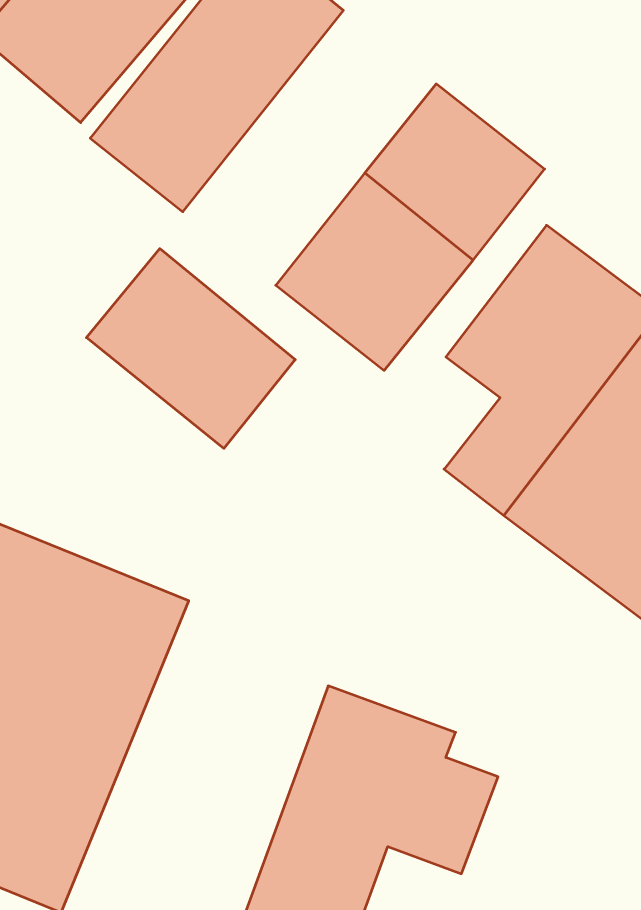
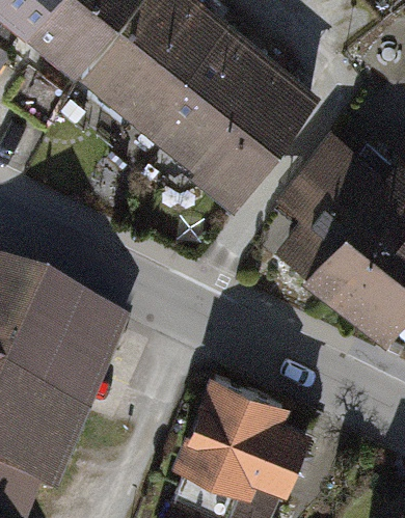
building: none -> [130,15,266,162]
building: [86,249,295,448] -> none

